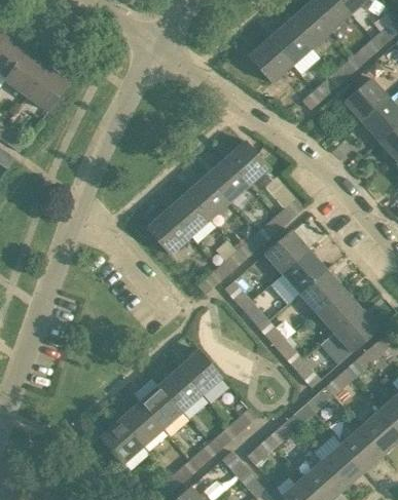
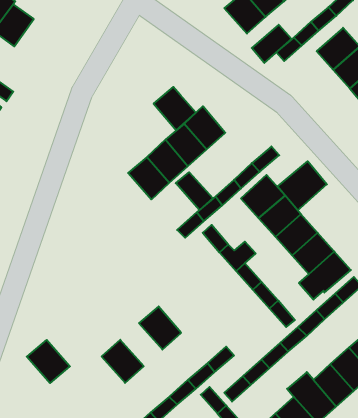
building: [27,67,69,110] -> none
building: none -> [252,25,291,63]
building: [224,141,268,186] -> [154,87,196,130]
building: none -> [278,161,327,211]
building: none -> [176,172,213,210]
building: [178,350,222,395] -> none
building: [138,385,182,430] -> none
building: [98,420,143,465] -> [27,340,70,383]

